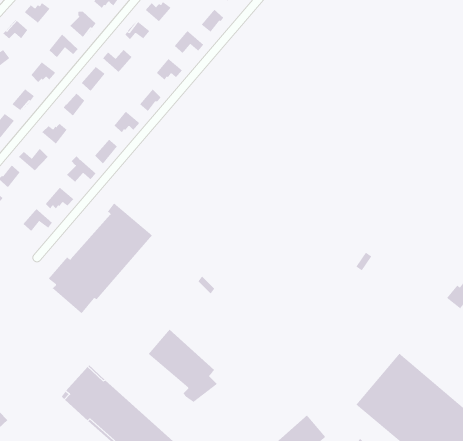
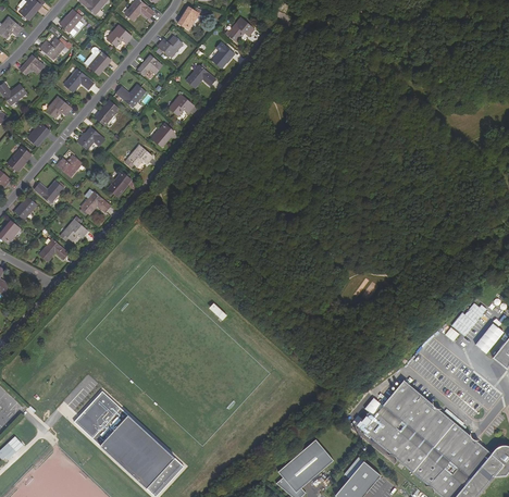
building: [48,202,153,314] -> none
building: [148,329,218,403] -> none

